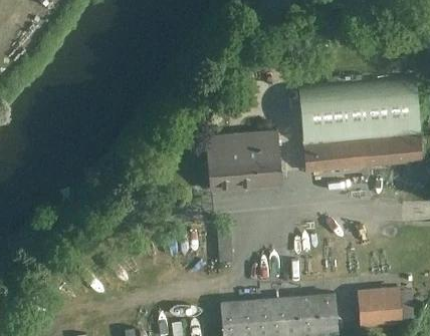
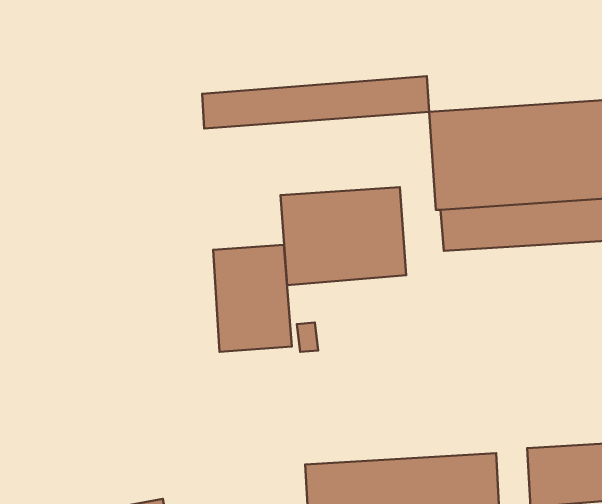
building: none -> [202,76,429,128]
building: none -> [213,245,292,352]

